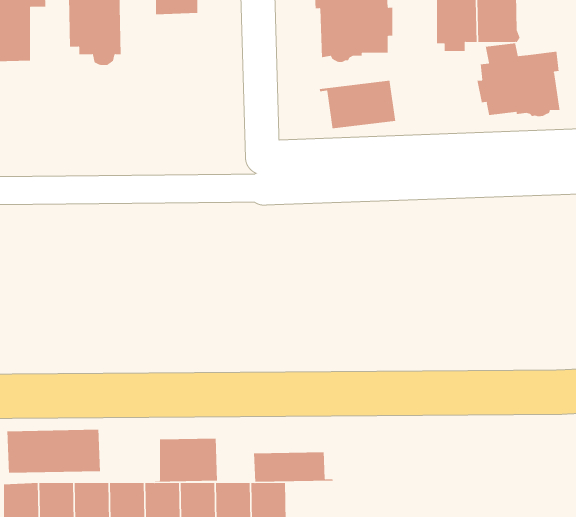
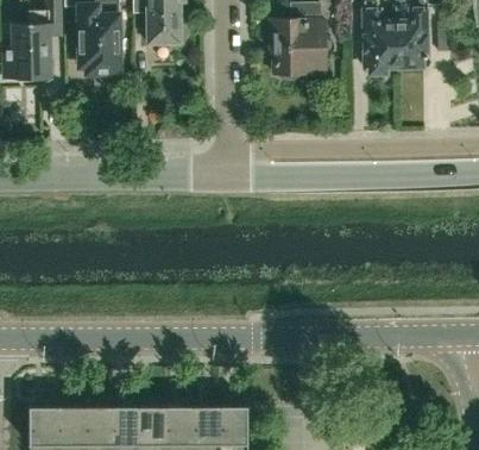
building: [477,42,560,117] -> none
building: [319,80,396,129] -> none
building: [7,429,100,474] -> none
building: [155,438,218,483] -> none
building: [254,452,333,483] -> none

